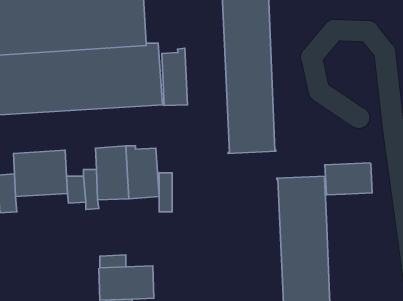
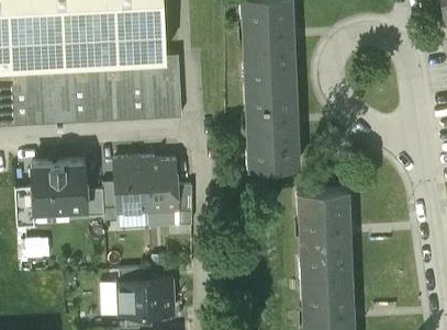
building: [162,48,187,106] -> none
building: [325,163,372,195] -> none

